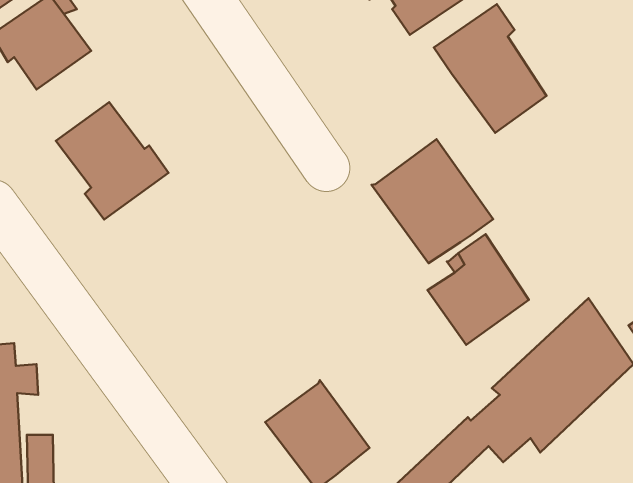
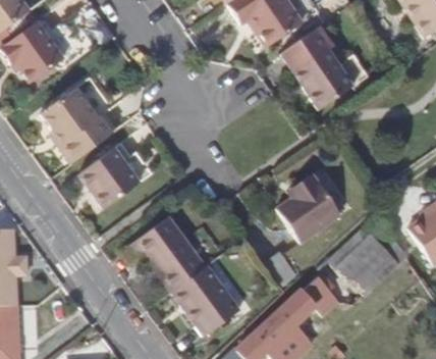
building: [371,139,493,263] -> none
building: none -> [80,148,140,207]
building: none -> [131,215,208,291]

